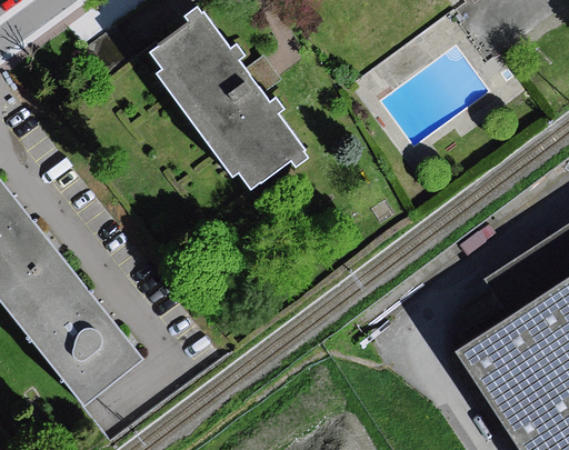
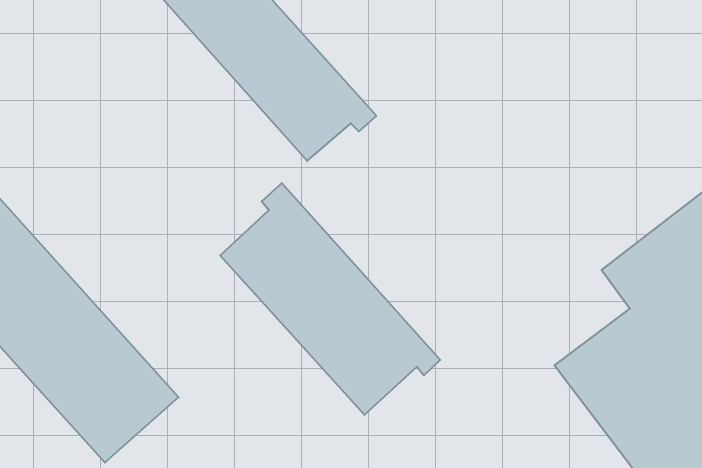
building: none -> [220,183,440,415]

